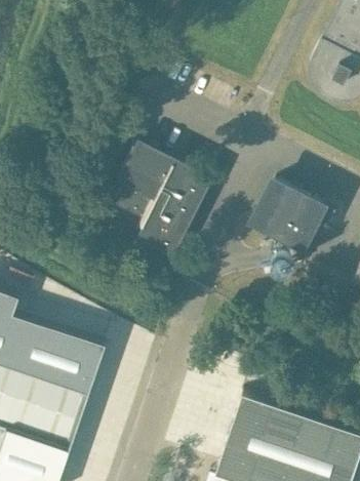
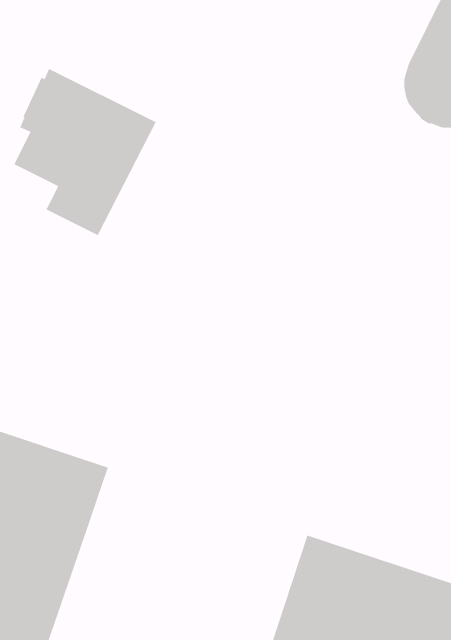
building: [111,141,211,258] -> [13,68,157,236]
building: [252,173,328,246] -> none

